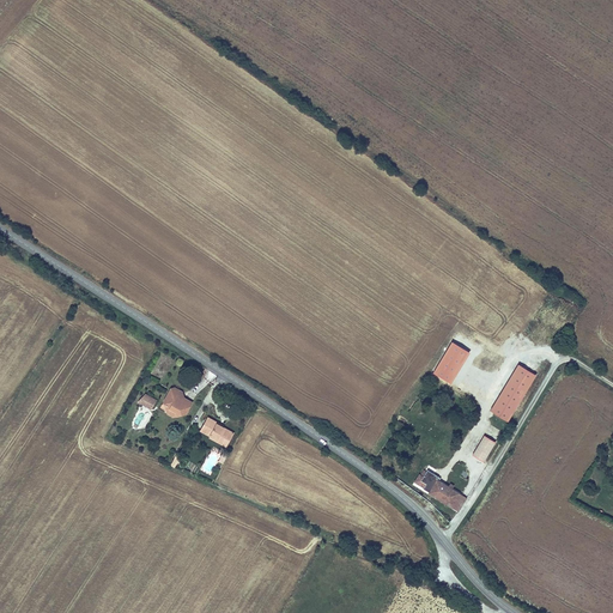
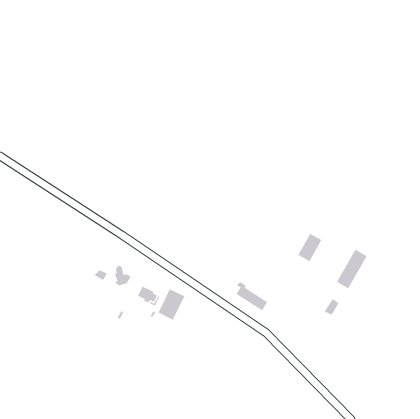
building: none -> [158,288,185,321]
building: [418,468,466,511] -> [235,282,268,311]

